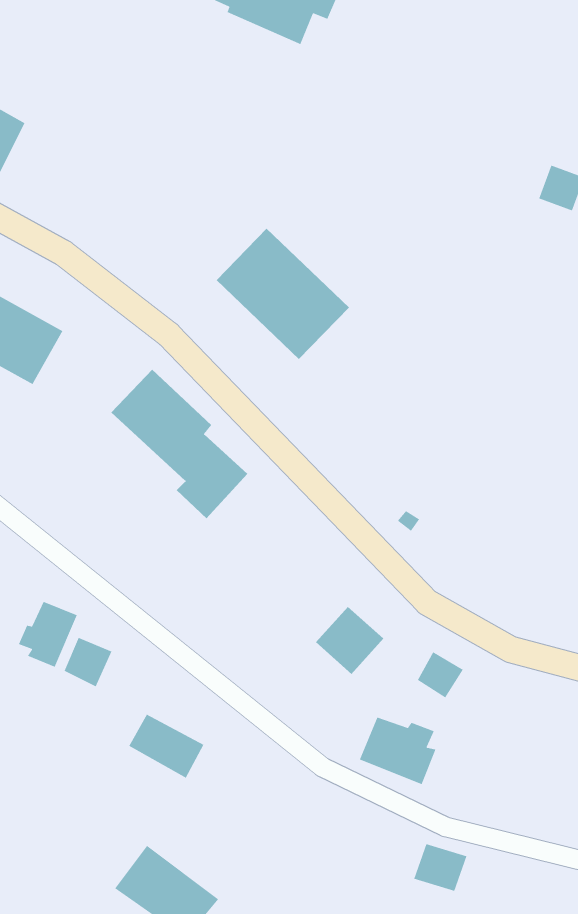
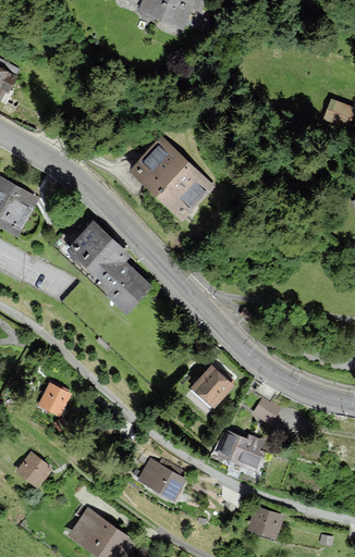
building: [18,601,78,668] -> none
building: [128,714,204,779] -> [138,459,184,498]
building: none -> [16,451,50,485]

